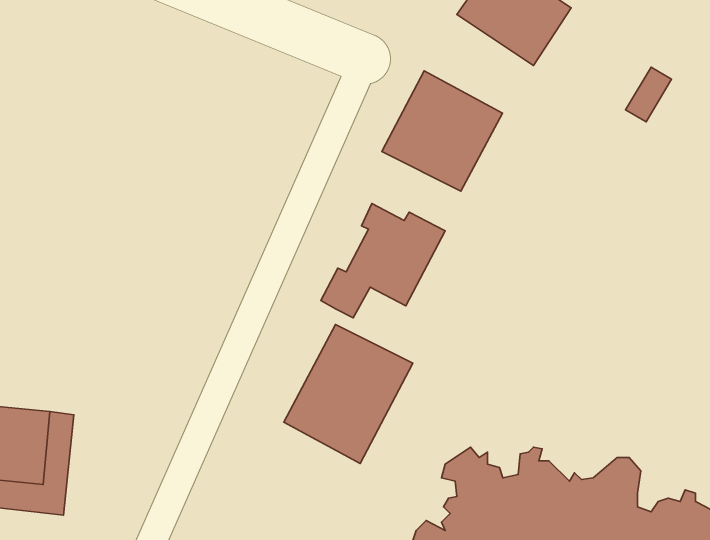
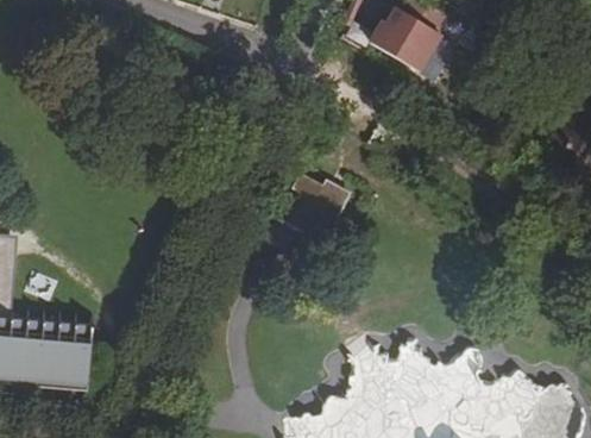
building: [382,71,502,191] -> none
building: [284,325,413,464] -> none

